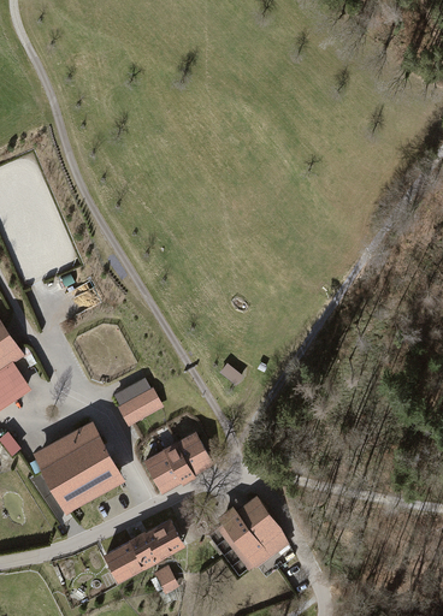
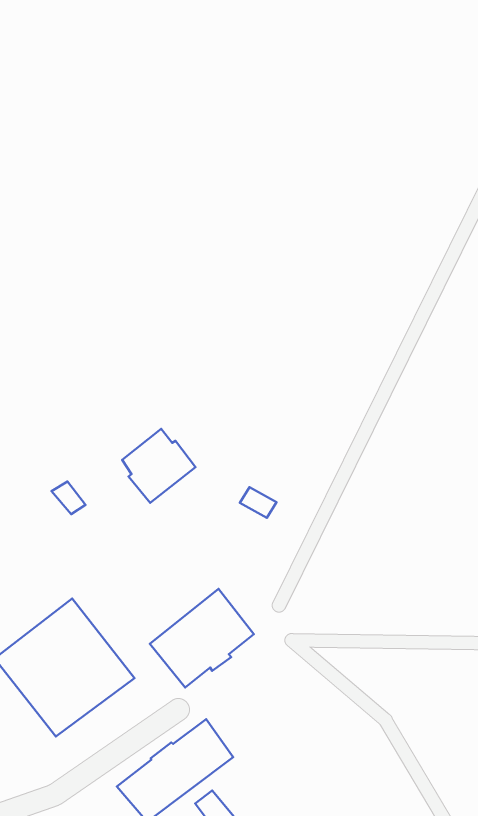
building: [113,379,163,428] -> [122,429,196,503]
building: [213,496,288,573] -> none

